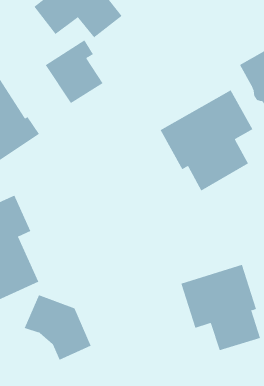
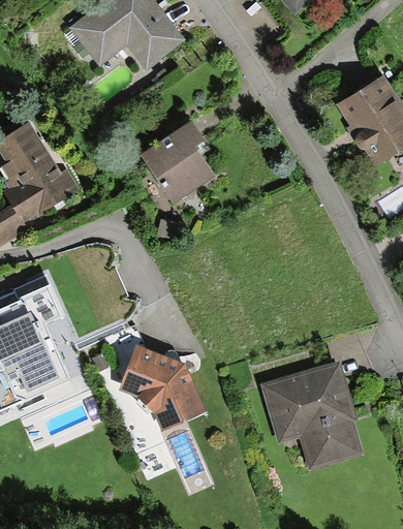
building: [45,40,103,104] -> [140,120,215,203]
building: [160,89,253,191] -> none
building: [24,294,91,360] -> [117,346,204,431]

